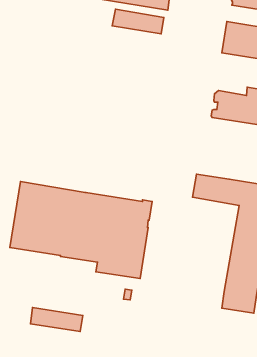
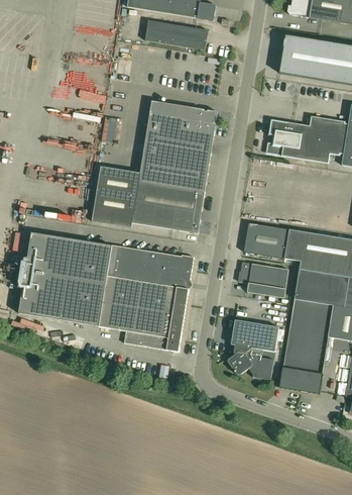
building: none -> [92,100,217,232]
building: none -> [238,261,288,298]
building: none -> [227,319,278,379]
building: [30,308,83,331] -> none

